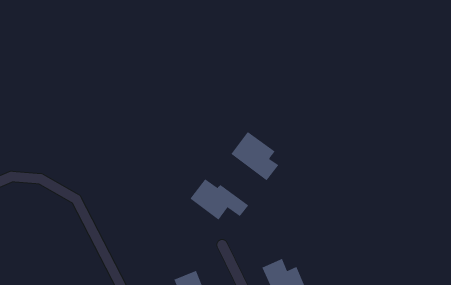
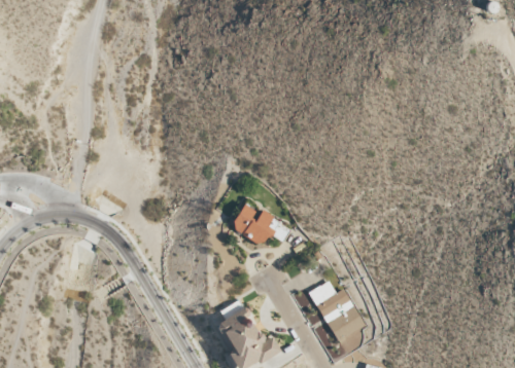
building: [231,131,279,181] -> none

